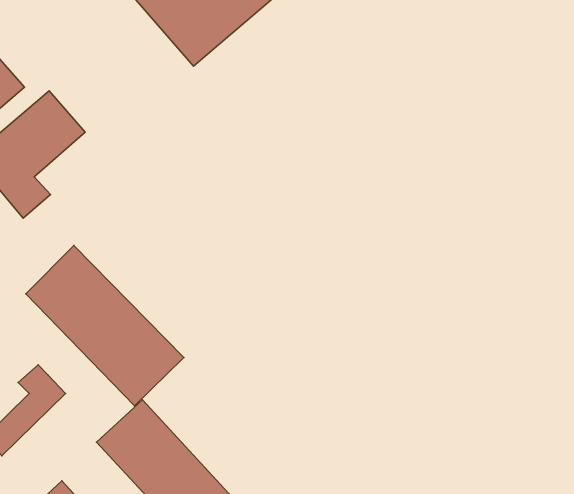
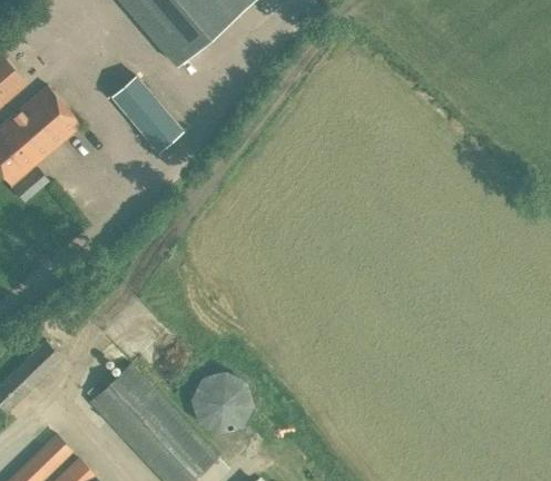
building: none -> [112,77,183,153]
building: [26,246,184,406] -> none
building: none -> [189,371,253,434]

